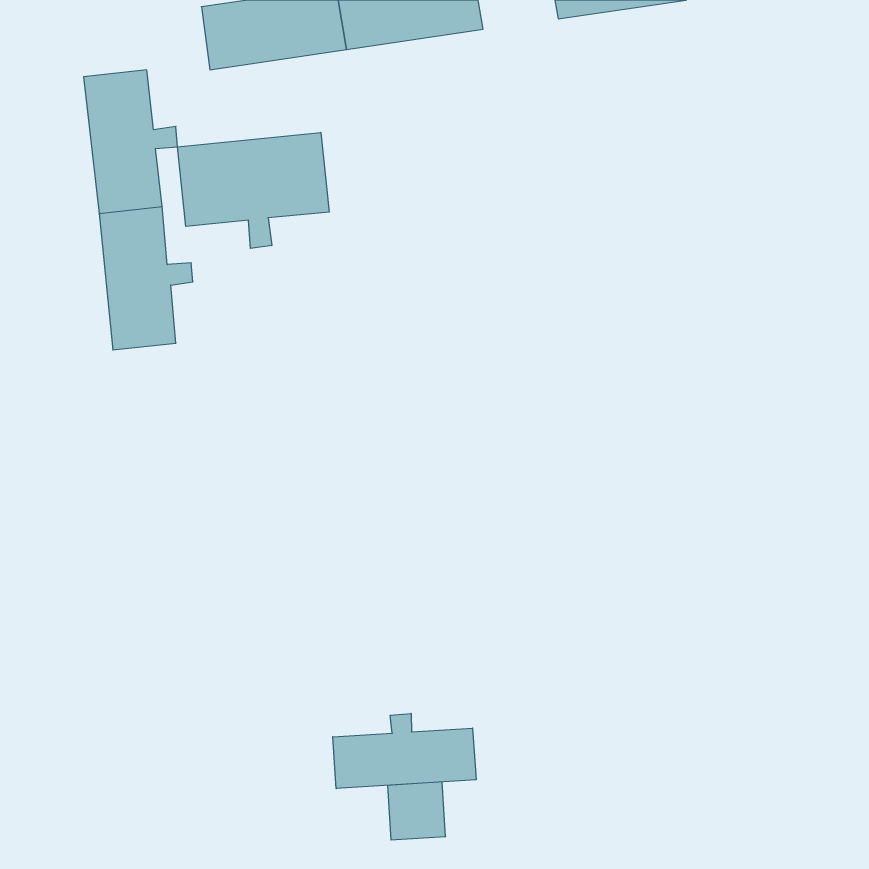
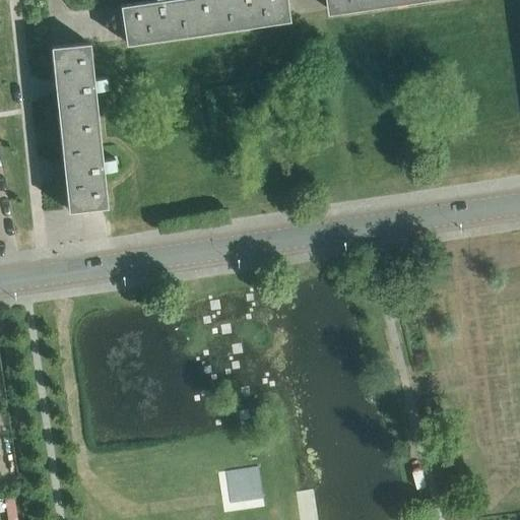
building: [178,132,329,248] -> none
building: [333,713,476,789] -> none

